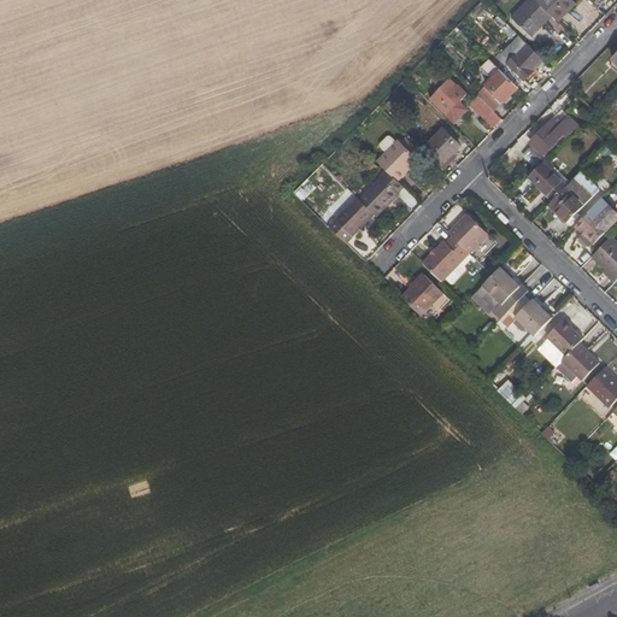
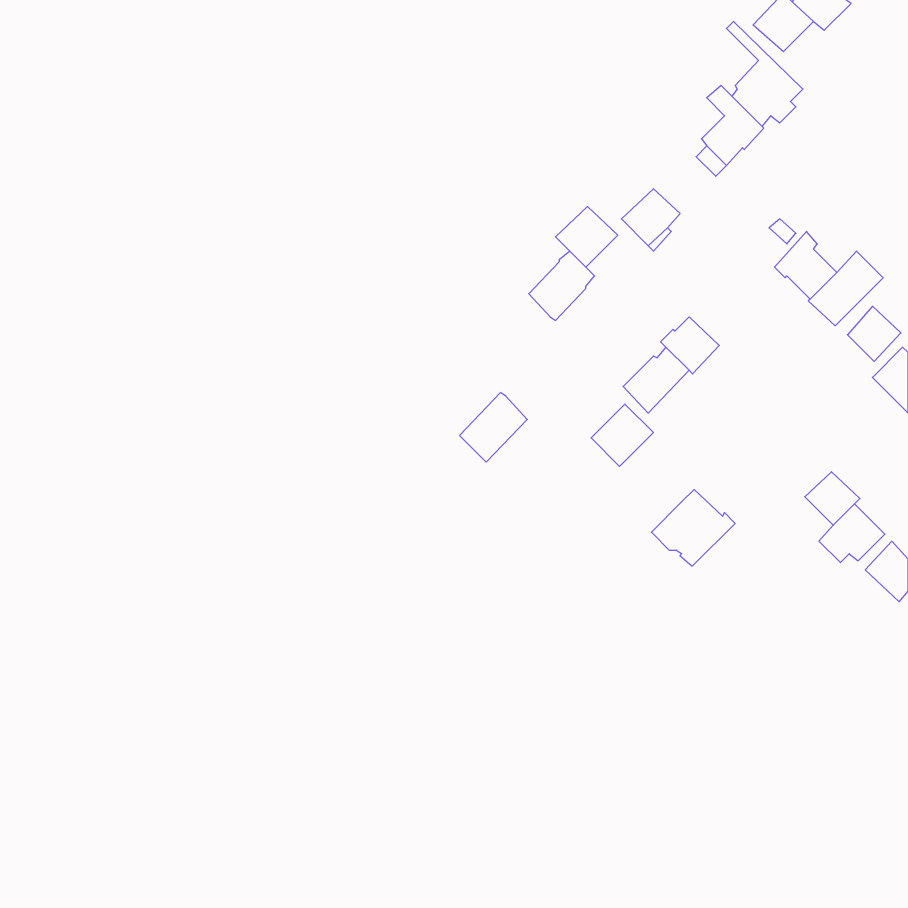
building: [433,78,465,114] -> none
building: [530,114,578,155] -> none
building: [327,196,372,243] -> [460,393,527,462]
building: [471,266,528,318] -> [651,490,735,566]
building: [515,298,552,335] -> none

